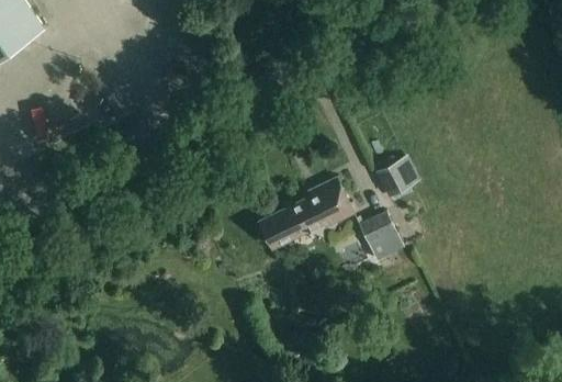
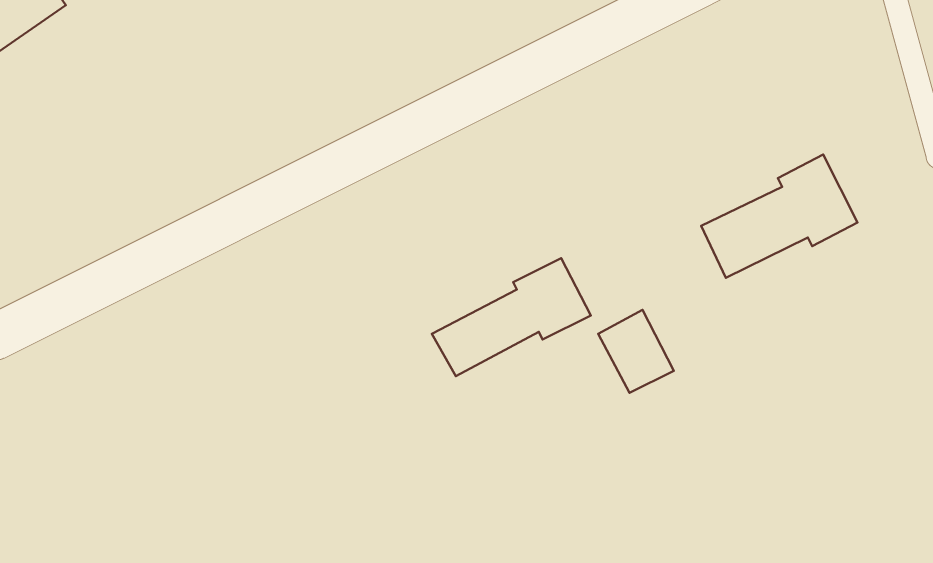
building: none -> [701,155,858,278]
building: [373,154,418,200] -> none

